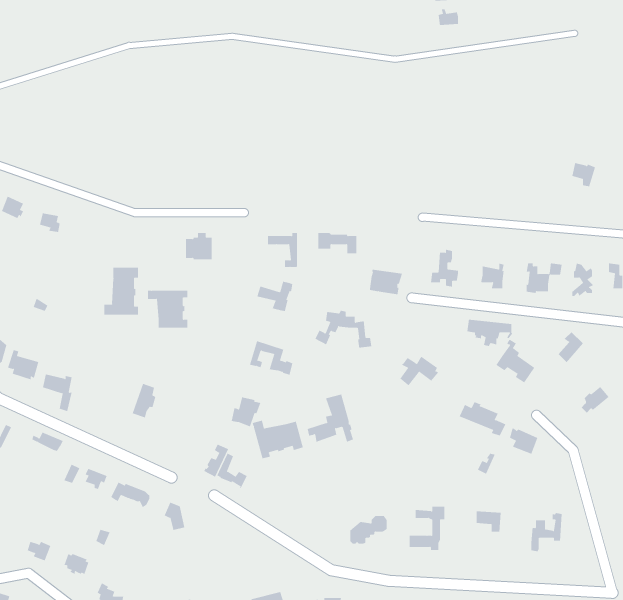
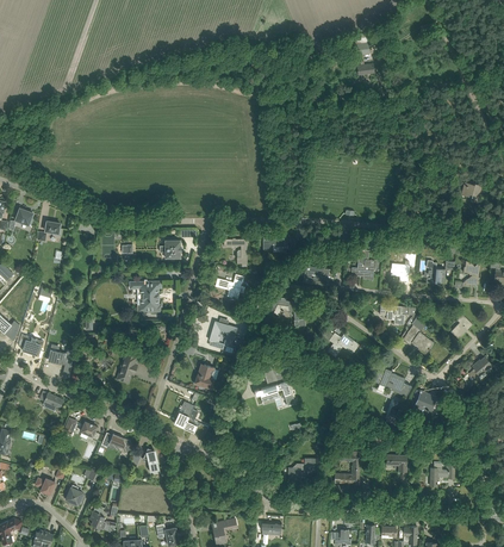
building: [104,267,138,316] -> none
building: [252,420,304,459] -> none

